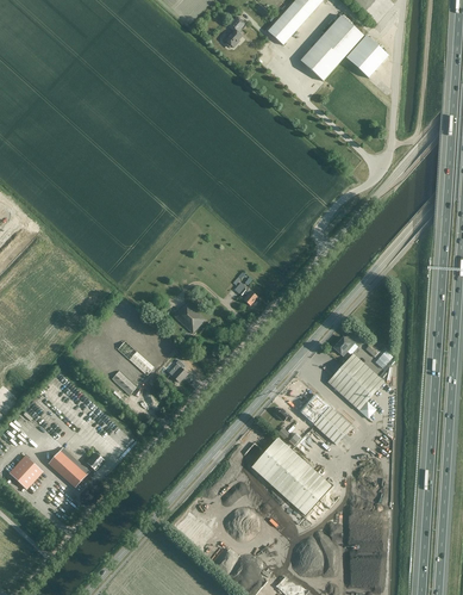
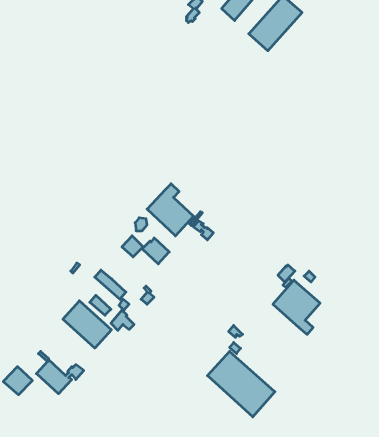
building: [345,35,387,76] -> none
building: none -> [147,184,194,236]
building: none -> [63,301,111,348]
building: [299,393,351,444] -> none

